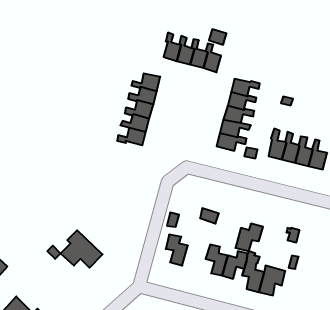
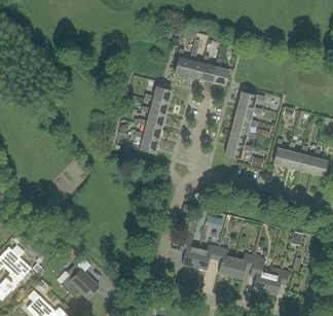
building: [235,224,263,251] -> [193,244,219,270]
building: [61,230,103,268] -> [60,264,99,299]

